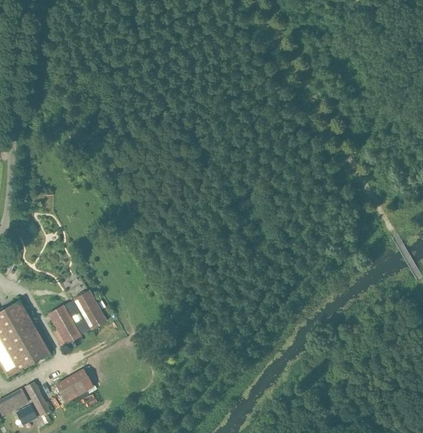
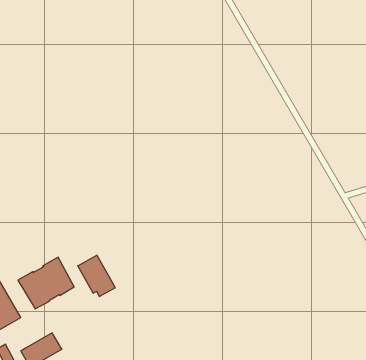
building: none -> [78,255,115,297]

